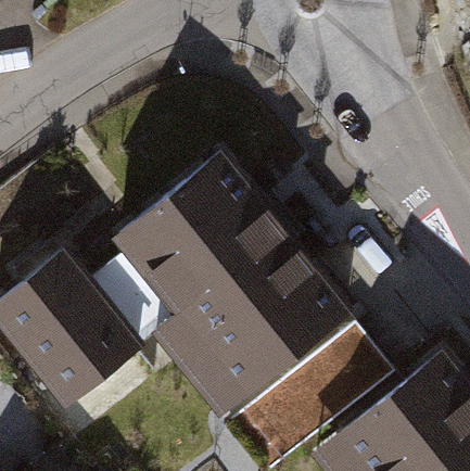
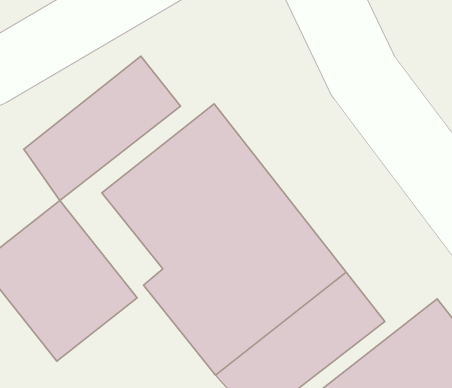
building: none -> [24,56,180,200]

